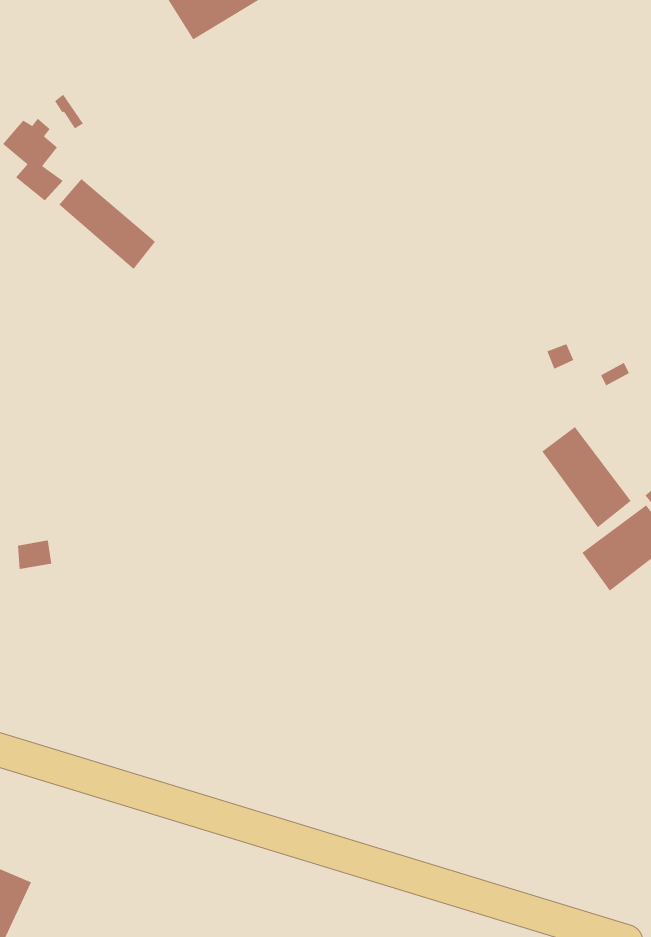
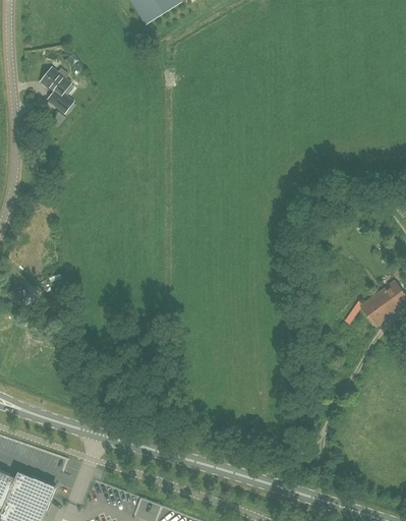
building: [59,178,156,270] -> none
building: [541,426,631,528] -> none

